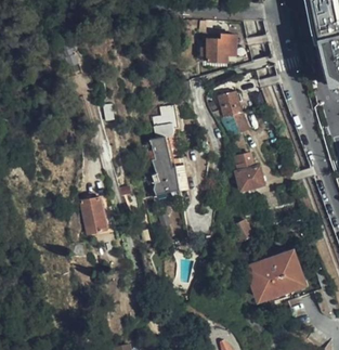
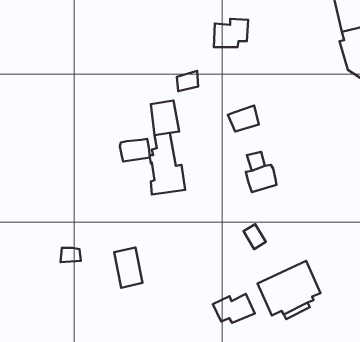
building: [216,91,240,118] -> none
building: none -> [120,139,150,161]
building: [78,196,104,233] -> [114,247,143,288]
building: none -> [213,294,255,323]

